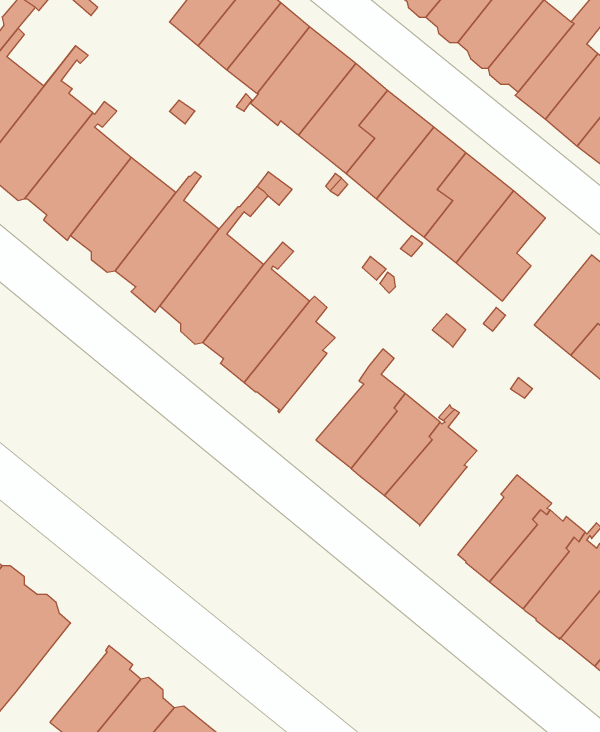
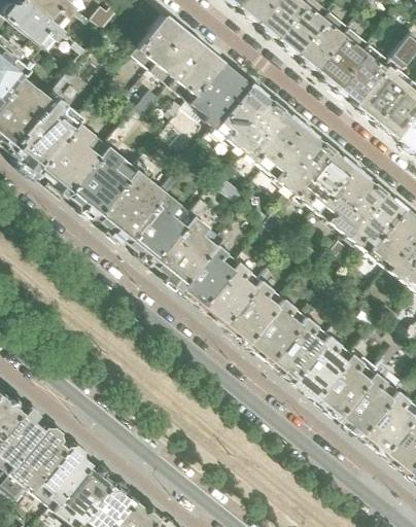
building: none -> [347,183,405,252]
building: none -> [203,250,261,326]
building: none -> [293,324,356,400]
building: none -> [32,444,92,508]

